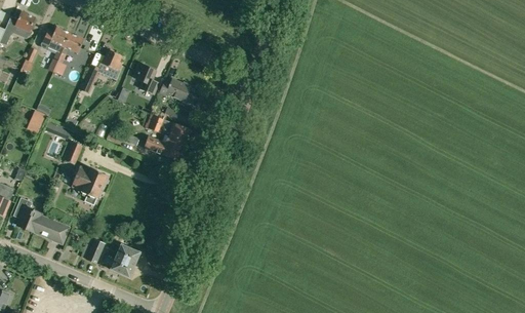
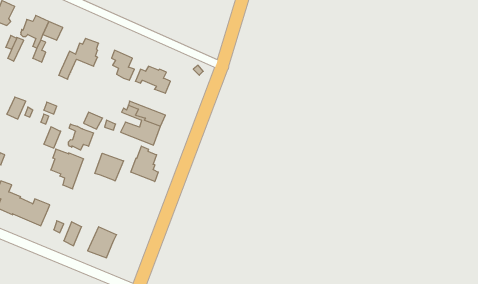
building: none -> [68,124,93,150]
building: none -> [131,146,158,182]
building: none -> [95,153,124,181]

